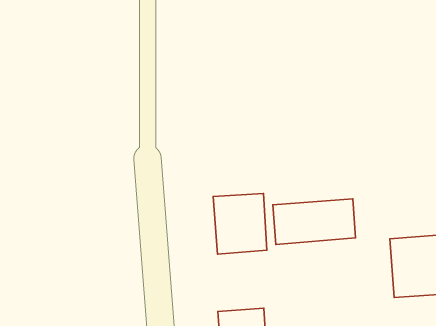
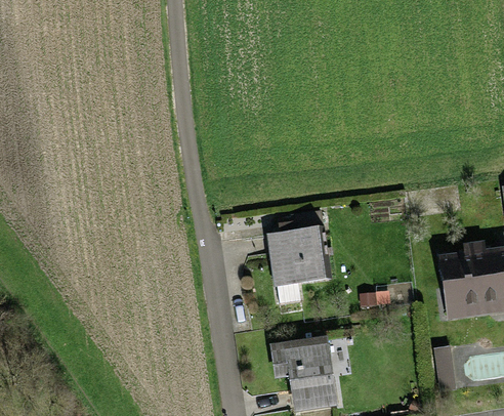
building: [273,199,356,245] -> none

